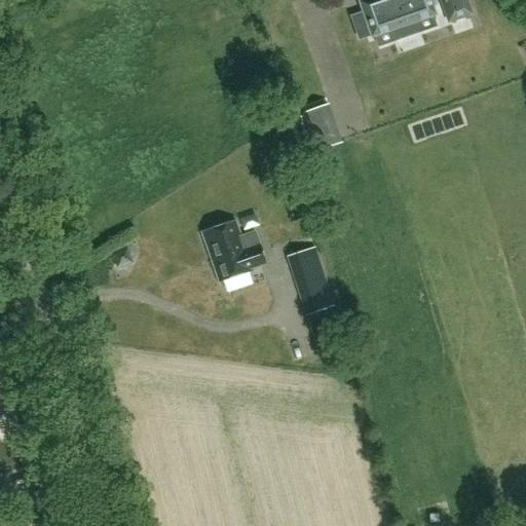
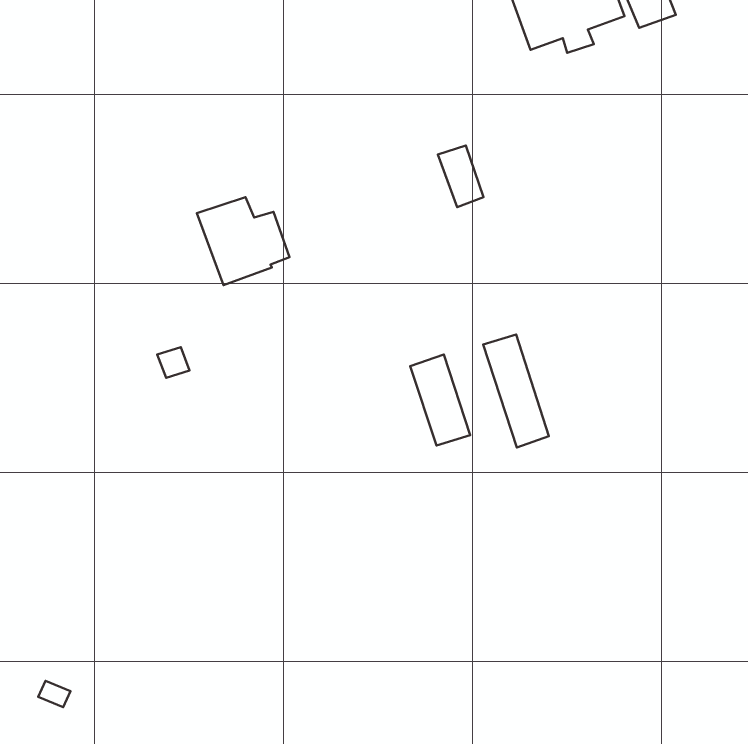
building: [202,220,267,281] -> [197,197,290,285]
building: none -> [483,335,549,448]

